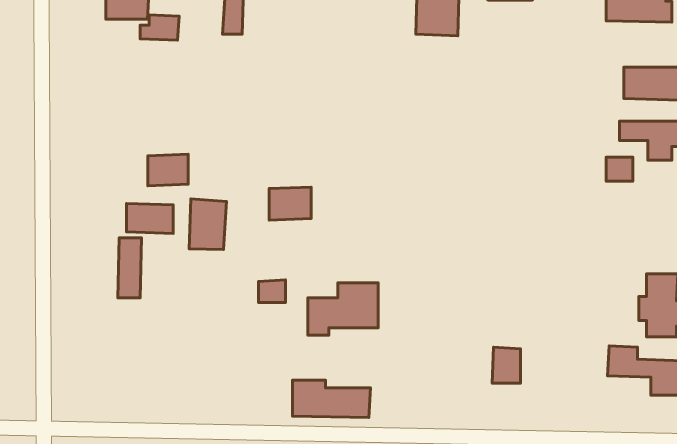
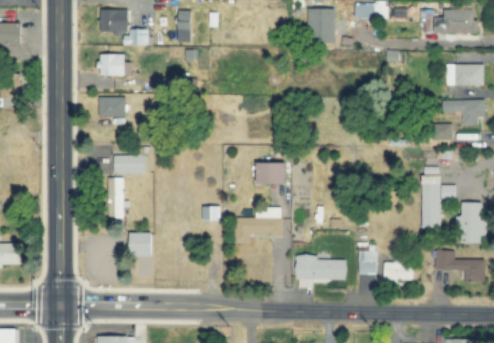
building: none -> [99,54,132,76]
building: [148,154,188,186] -> [99,97,126,118]
building: [269,187,311,220] -> [257,163,285,185]
building: [189,199,226,250] -> none
building: none -> [421,176,457,229]
building: none -> [130,233,153,257]
building: none -> [383,257,413,281]
building: [292,380,370,418] -> [295,255,347,280]

